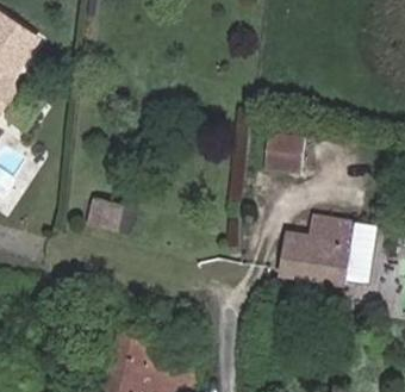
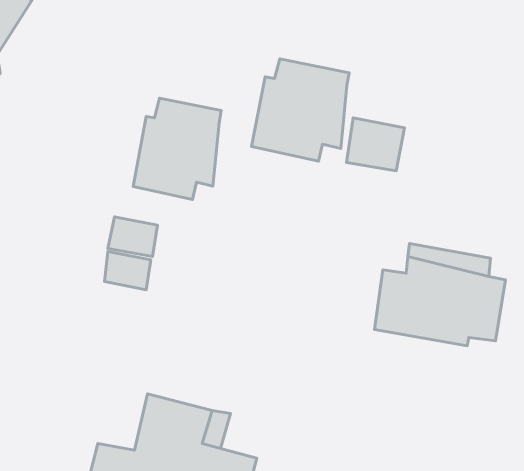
building: none -> [252,59,349,161]
building: none -> [133,98,221,199]

